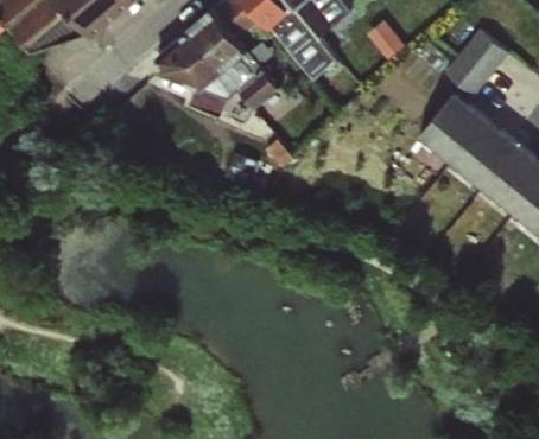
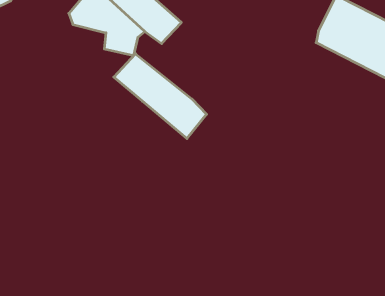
building: none -> [114,54,207,139]

